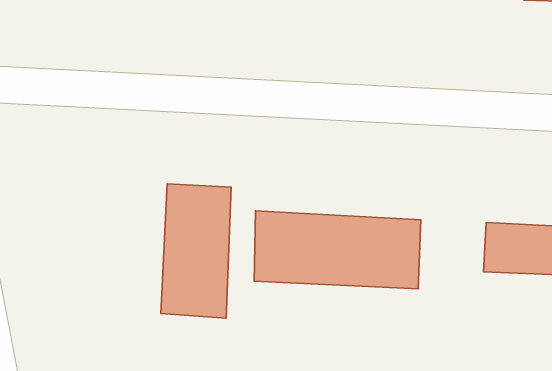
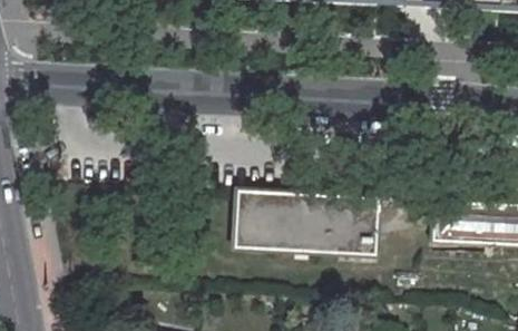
building: [161,184,231,318] -> none

